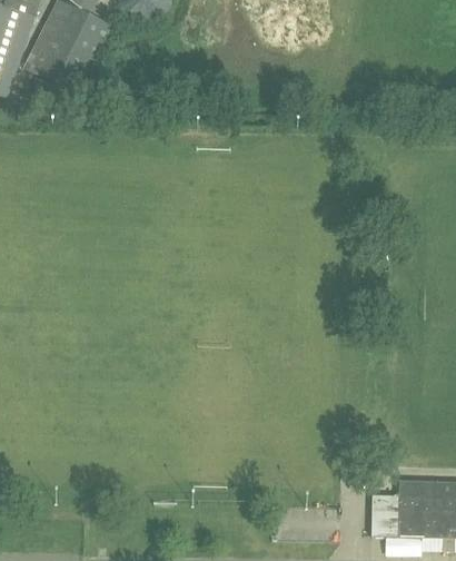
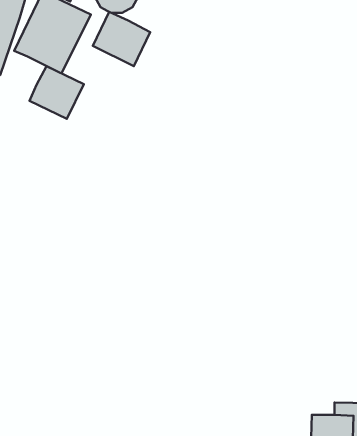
building: none -> [93,12,150,66]
building: none -> [29,66,84,119]

